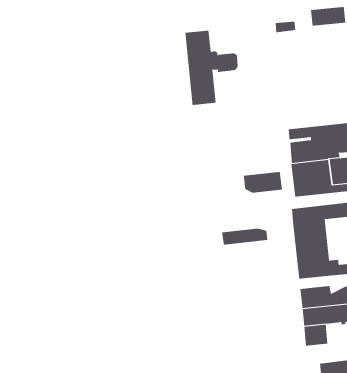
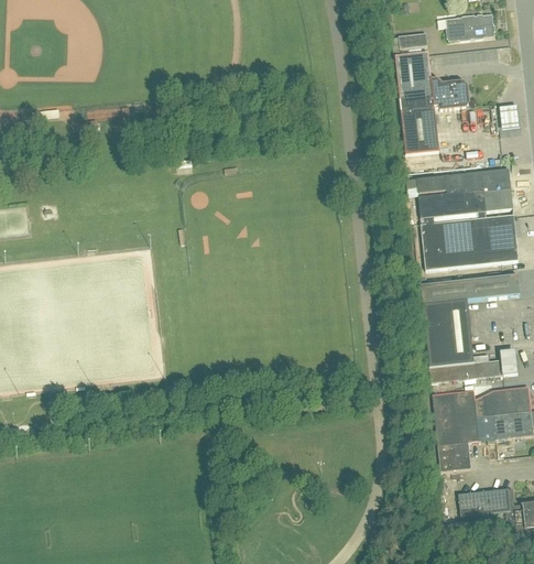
building: [184,30,239,105] -> [395,52,468,153]
building: [243,171,282,193] -> none
building: [221,228,268,245] -> none

